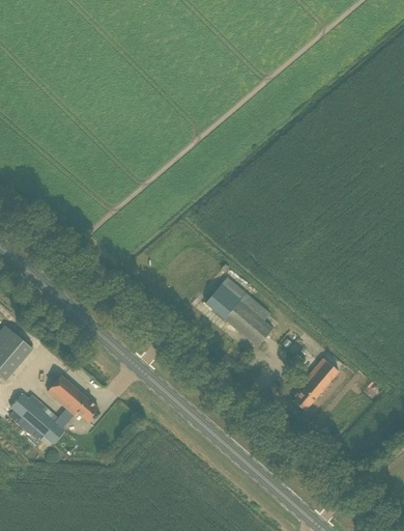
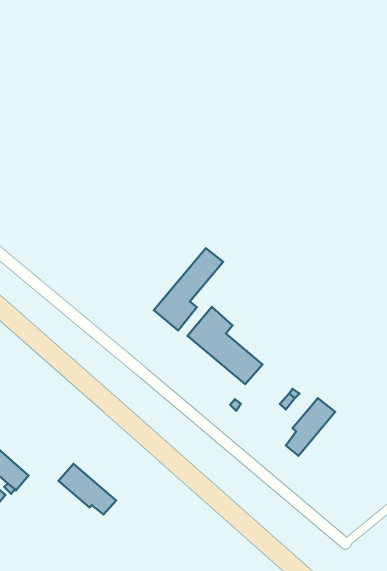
building: none -> [154,248,223,330]
building: [48,375,99,421] -> [58,464,116,514]

